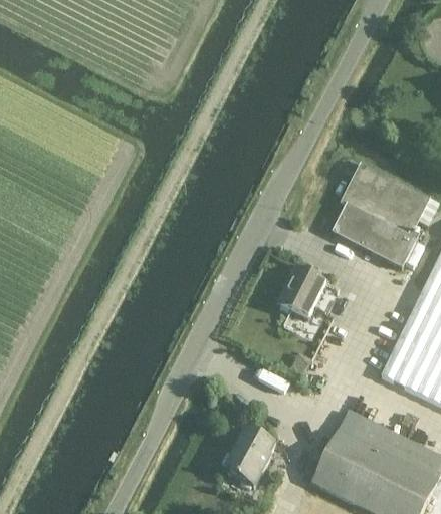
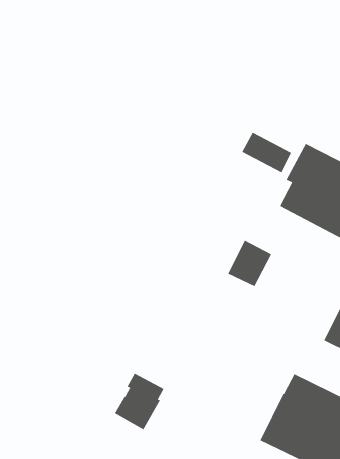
building: none -> [241,132,292,173]
building: [221,426,275,487] -> [114,373,164,430]

